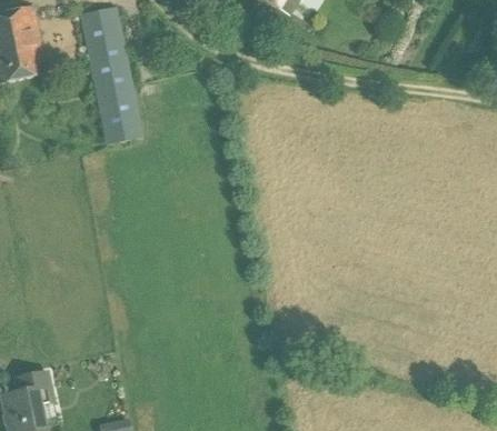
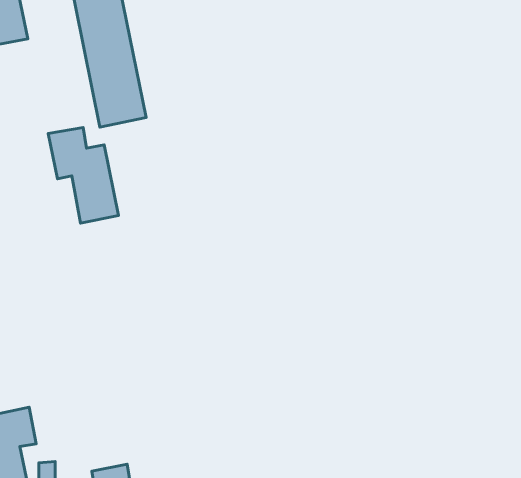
building: none -> [48,127,119,223]

